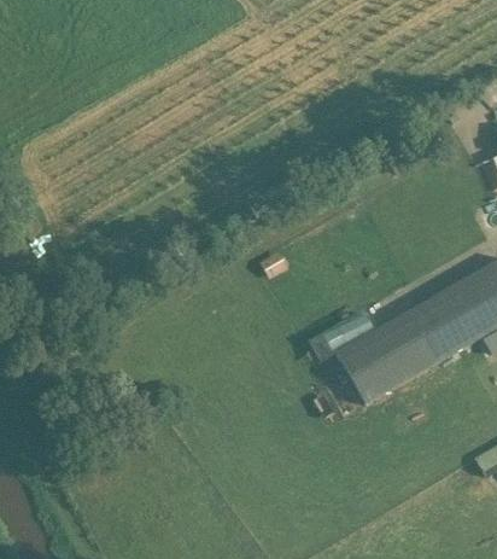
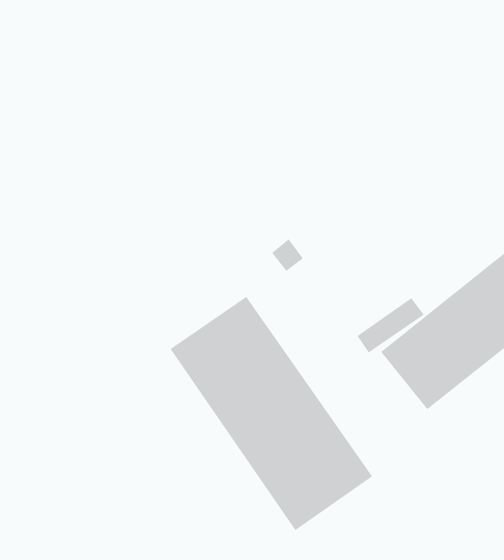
building: none -> [169,296,373,531]

